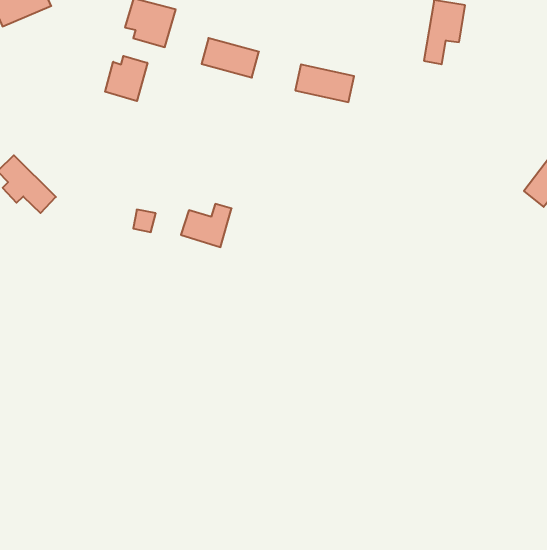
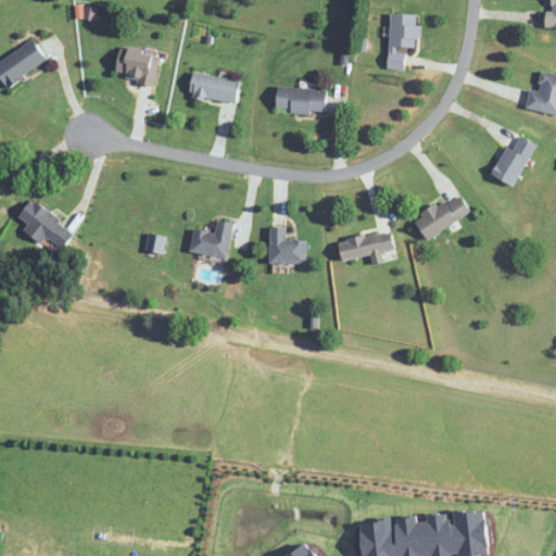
building: [105,56,147,101] -> none
building: none -> [415,192,469,240]
building: none -> [269,227,304,264]
building: none -> [338,230,394,265]

